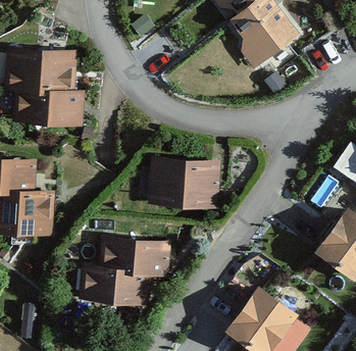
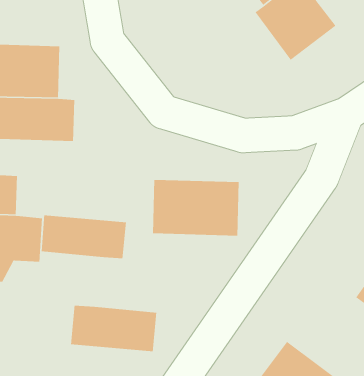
building: [100,233,170,269] -> [41,214,127,259]

